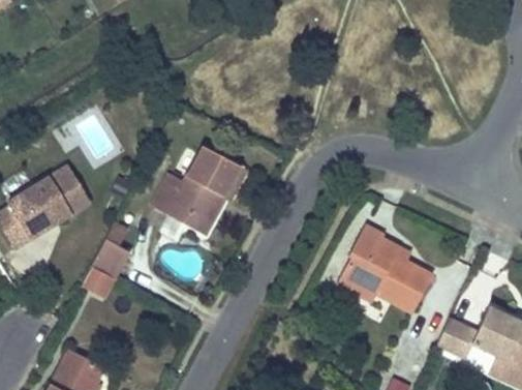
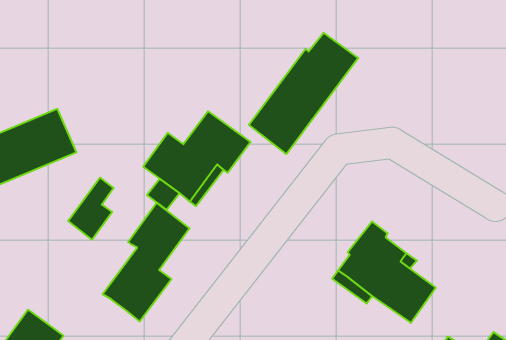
building: none -> [249,33,358,154]
building: none -> [103,203,190,321]

